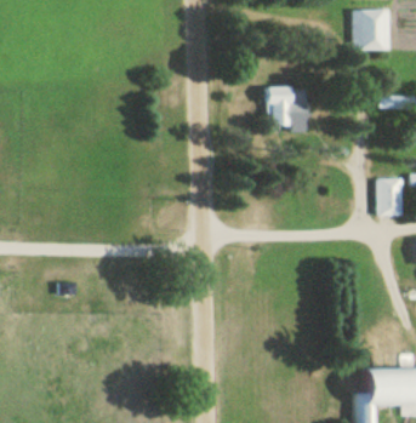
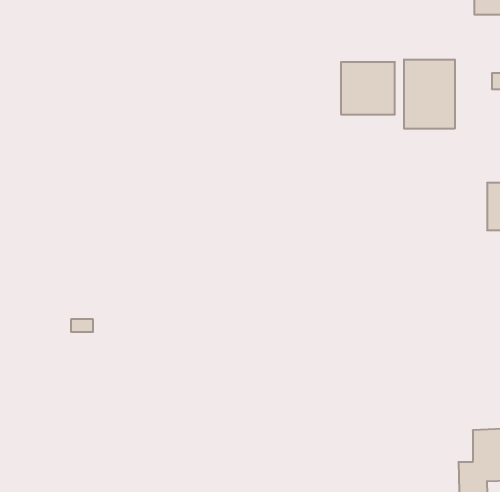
building: none -> [404,59,455,129]

